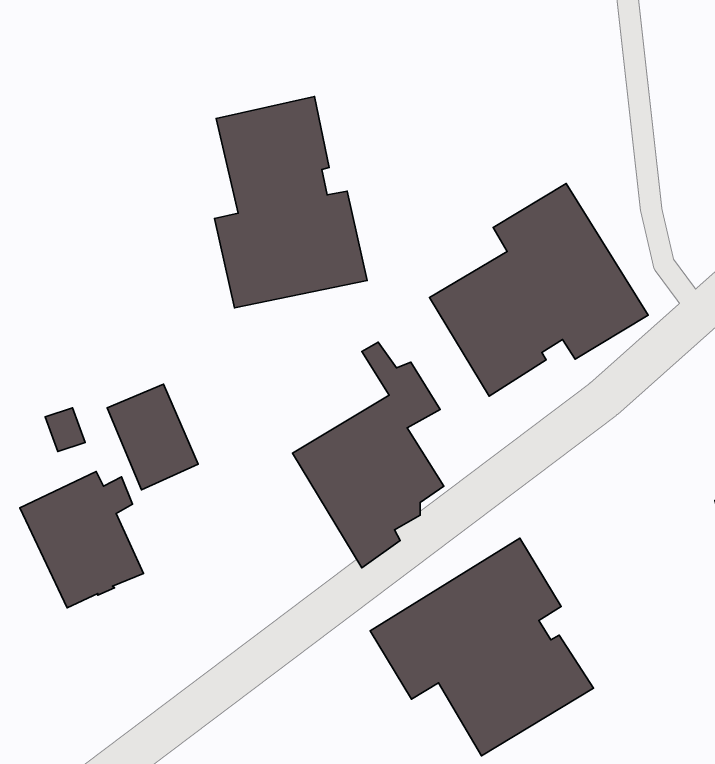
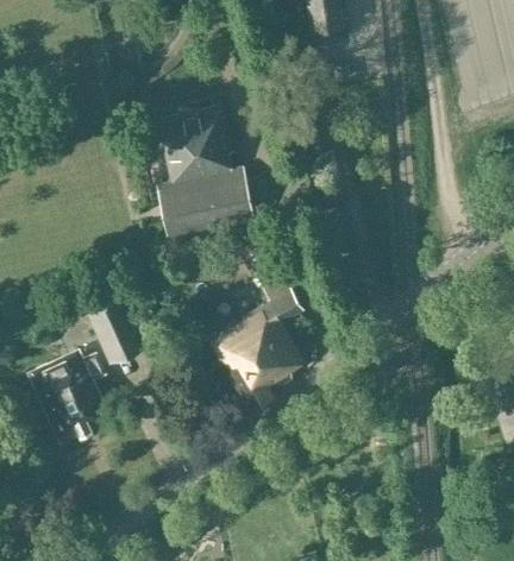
building: [429,183,648,396] -> none
building: [370,538,593,756] -> none

